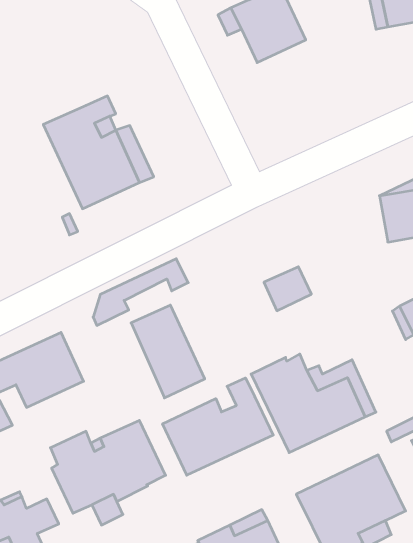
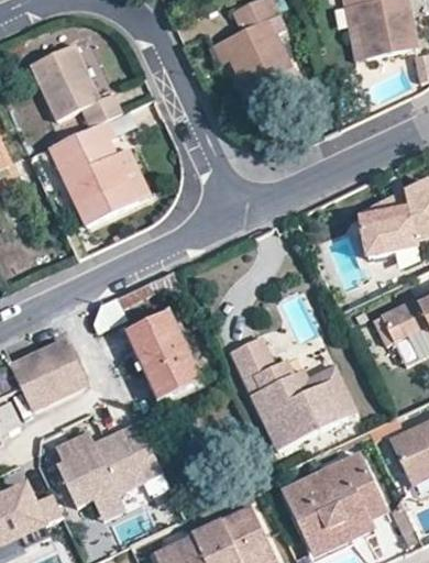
building: none -> [29,45,122,130]
building: [264,267,311,311] -> [229,338,273,378]
building: [163,378,273,475] -> none

